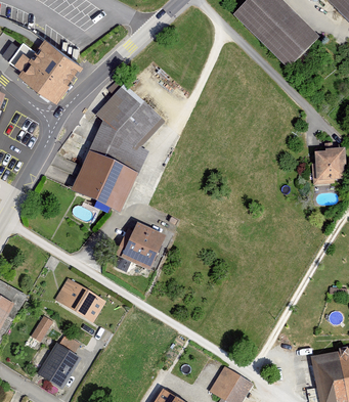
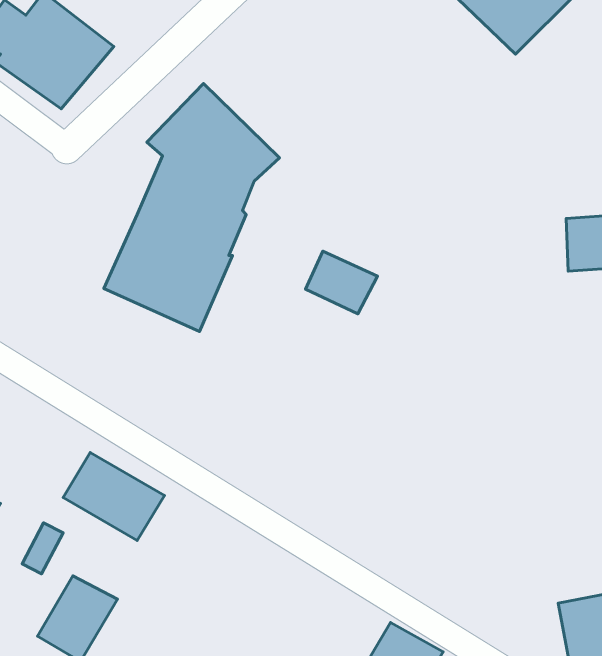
building: none -> [305,251,378,314]
building: [125,222,166,266] -> none

